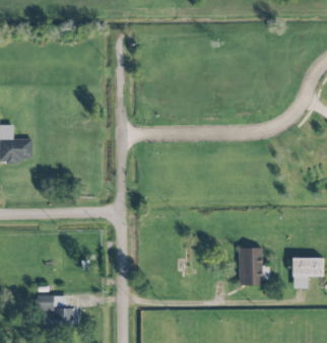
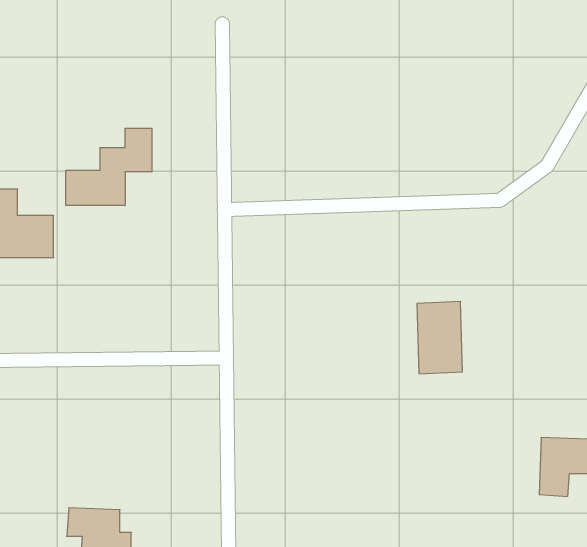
building: none -> [66,128,152,206]
building: [239,247,263,285] -> [417,302,462,374]

